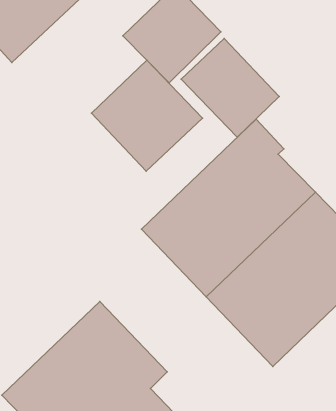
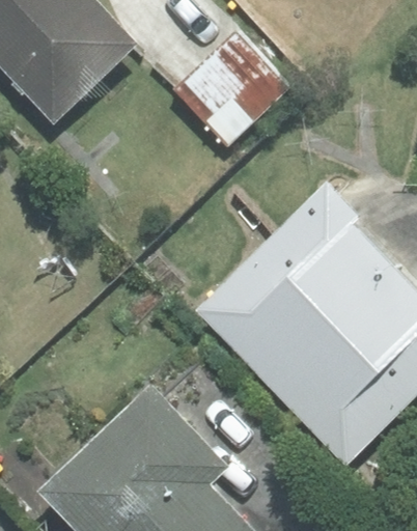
building: [181,38,279,137] -> none
building: [92,60,202,171] -> none

